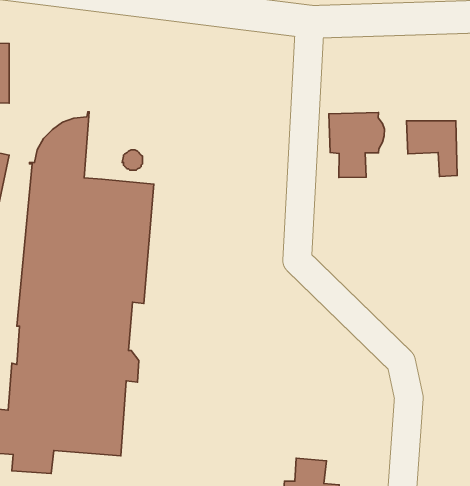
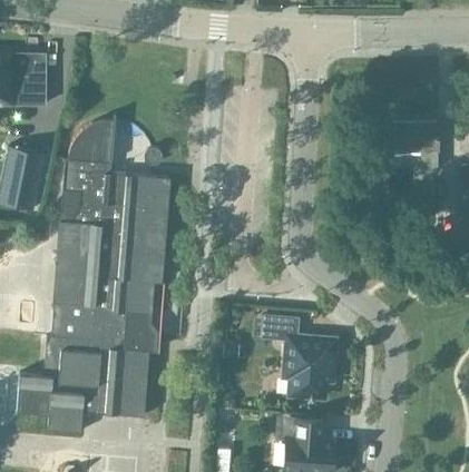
building: [329,113,384,177] -> none
building: none -> [264,316,336,400]

